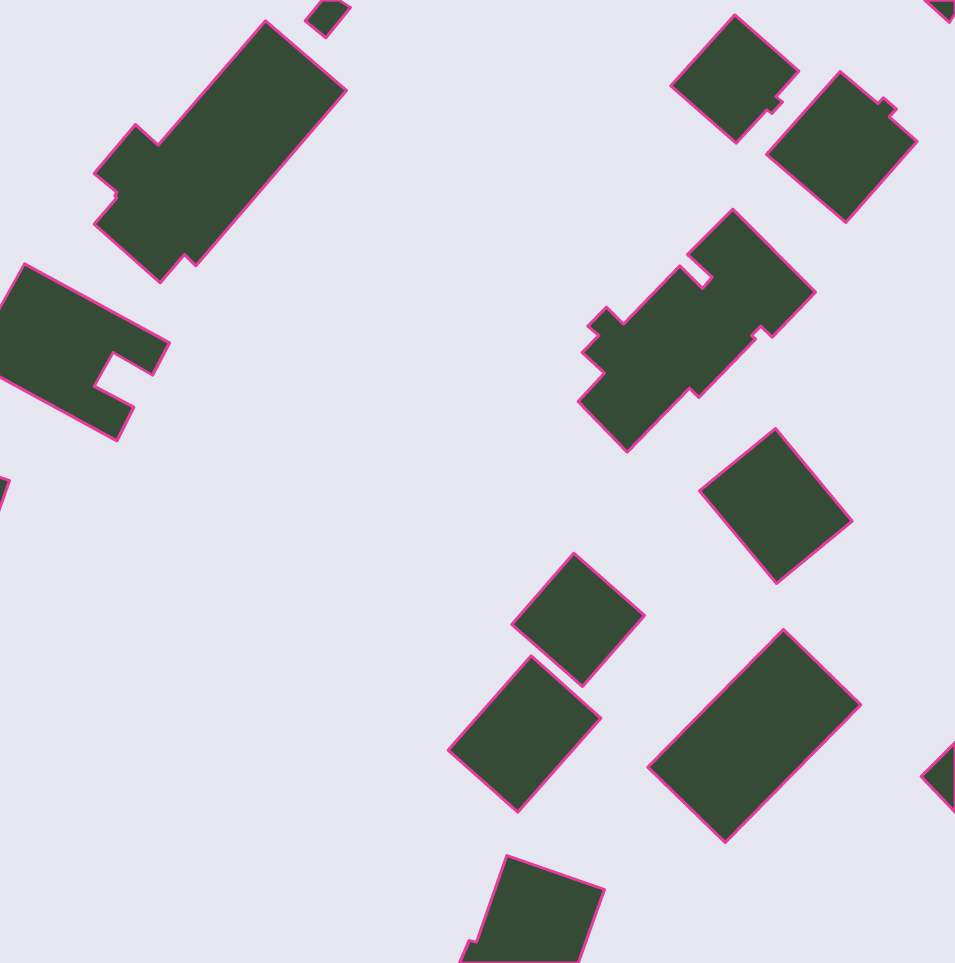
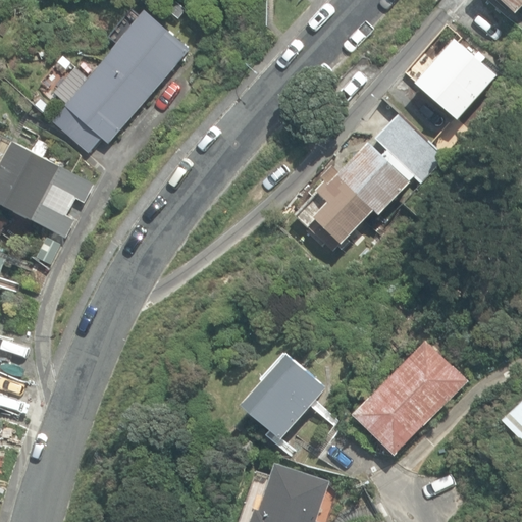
building: [671,15,799,143] -> none
building: [700,428,852,584] -> none
building: [512,553,644,687] -> none

